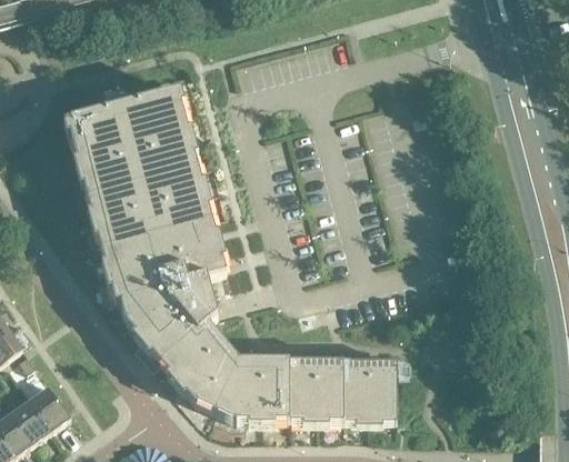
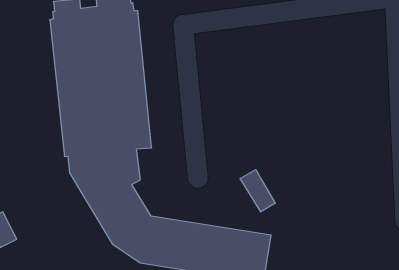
building: none -> [240,170,275,212]

